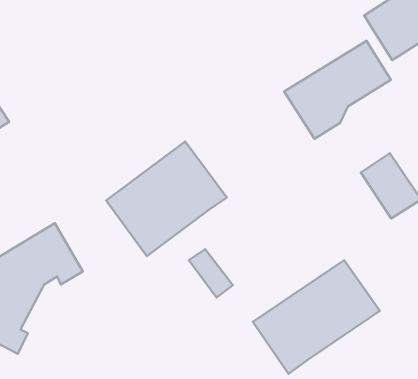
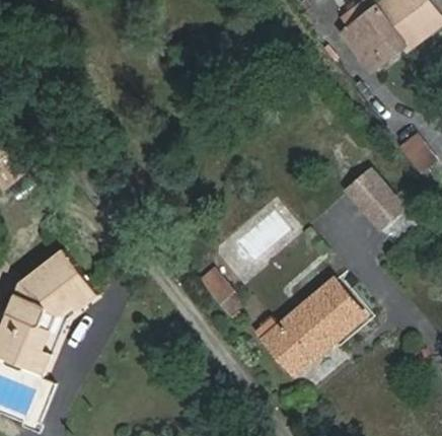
building: [284,41,391,139] -> none
building: [106,141,227,256] -> none

